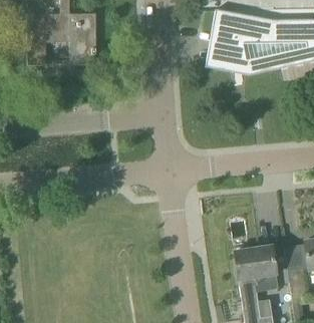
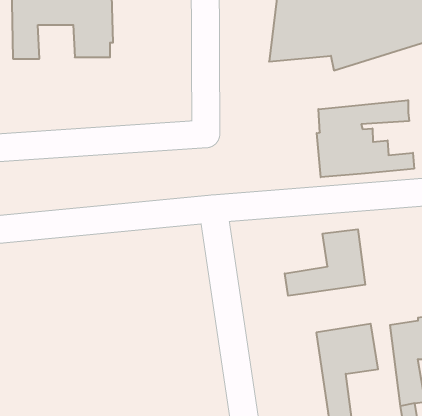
building: none -> [317,100,414,177]
building: none -> [285,229,365,296]

